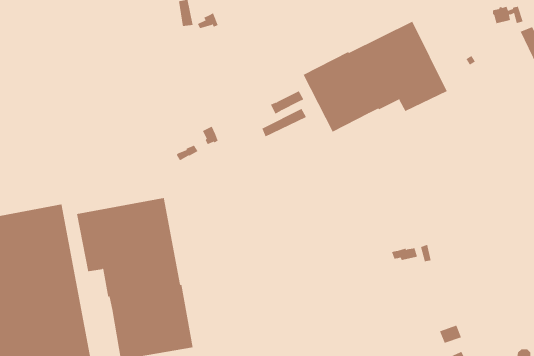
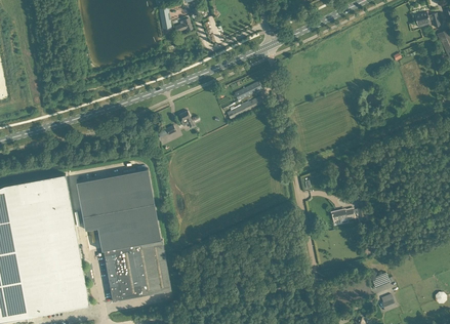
building: [303,21,448,132] -> none

